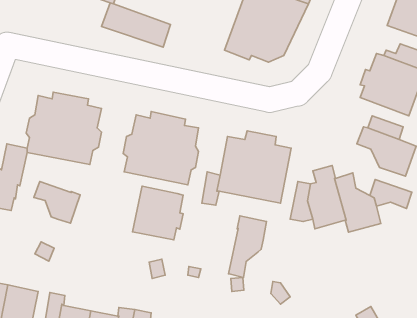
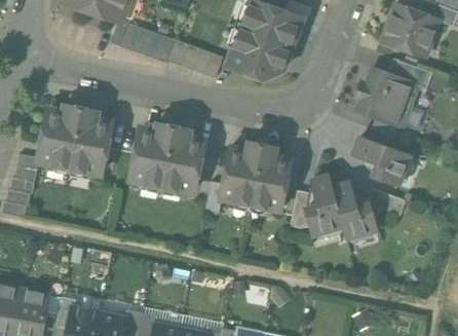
building: none -> [168,40,223,78]
building: [34,181,80,223] -> none
building: [132,186,183,240] -> none
building: [228,216,267,278] -> none

